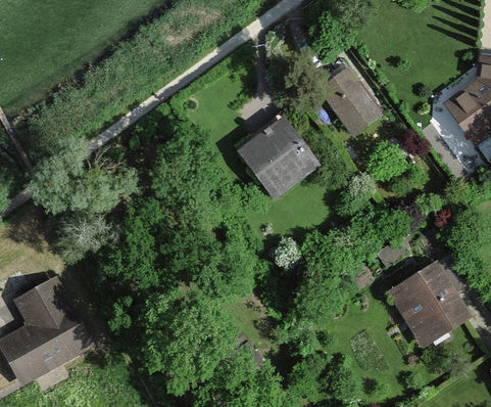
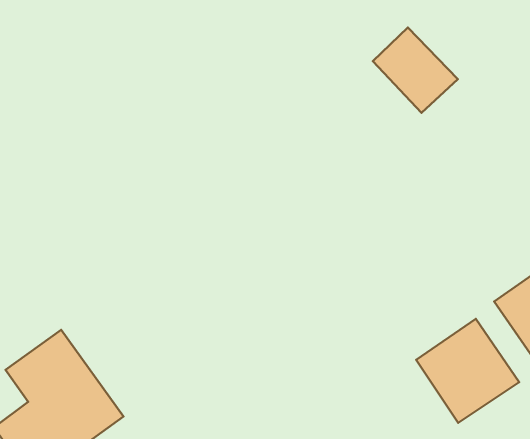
building: [237,118,320,200] -> none
building: none -> [416,319,519,423]

